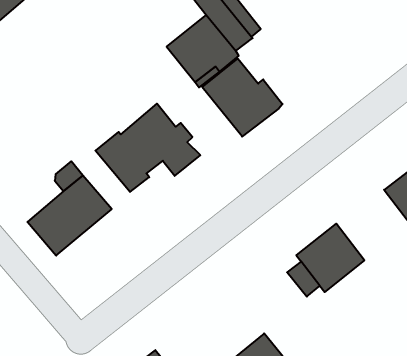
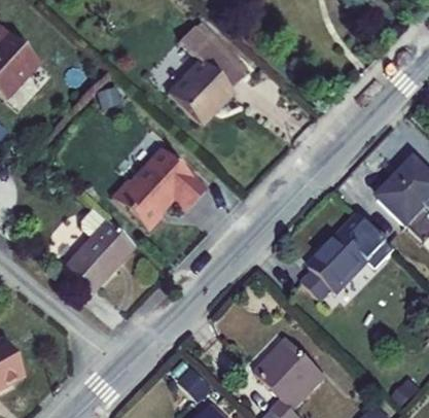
building: [202,59,283,137] -> none
building: none -> [338,212,394,267]

